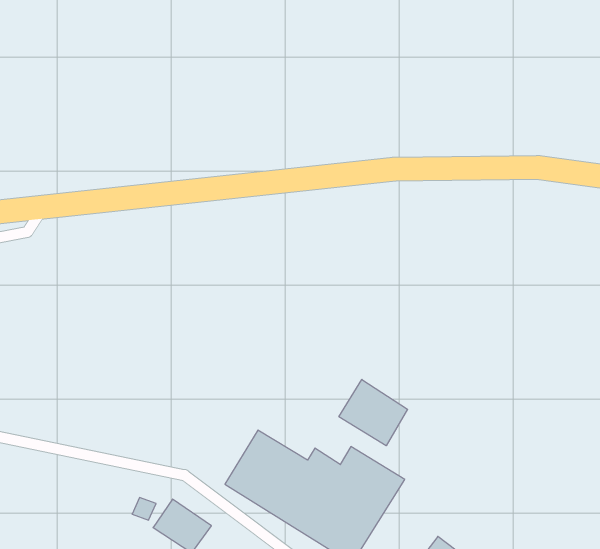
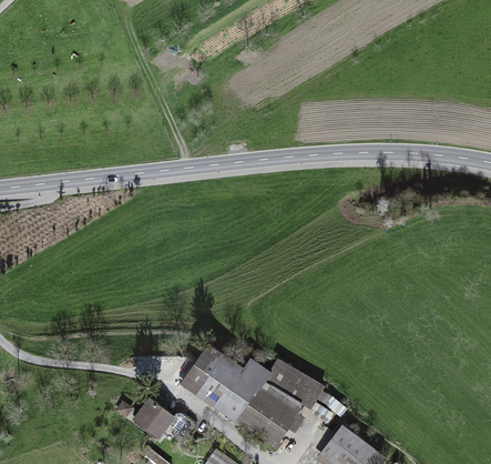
building: [339,379,408,446] -> none

